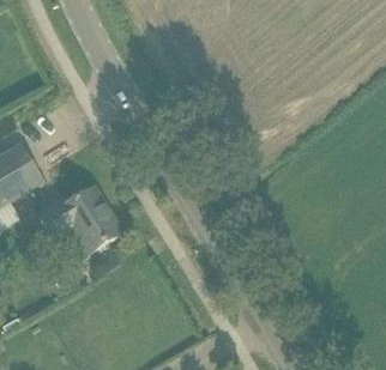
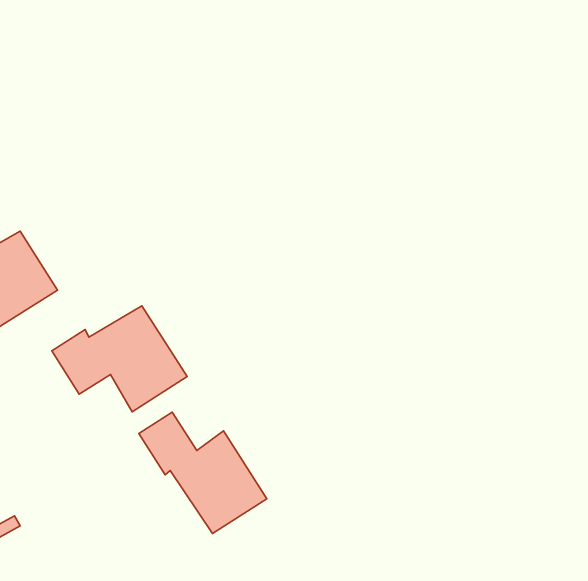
building: none -> [139,412,267,534]

